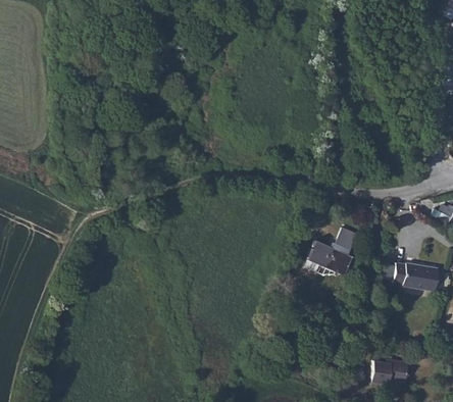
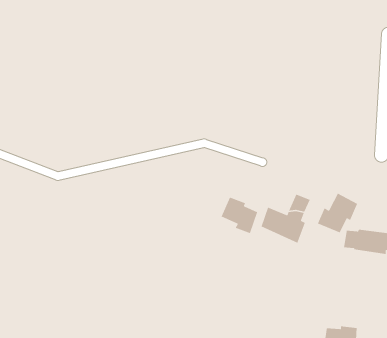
building: none -> [317,193,358,233]
building: none -> [221,196,258,234]

